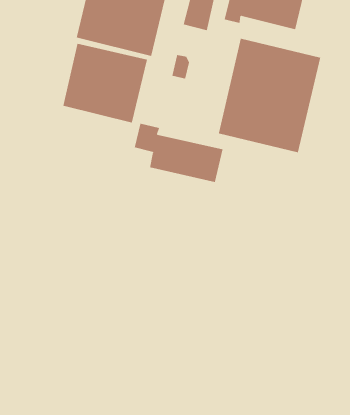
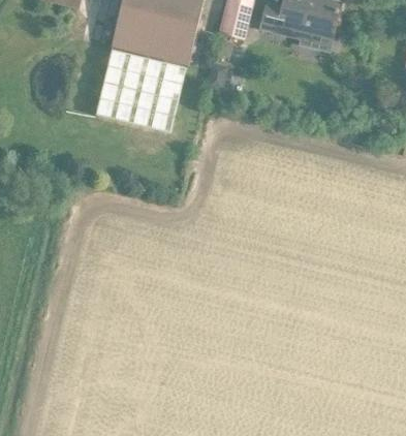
building: [218,38,321,153] -> none
building: [134,123,223,183] -> none

